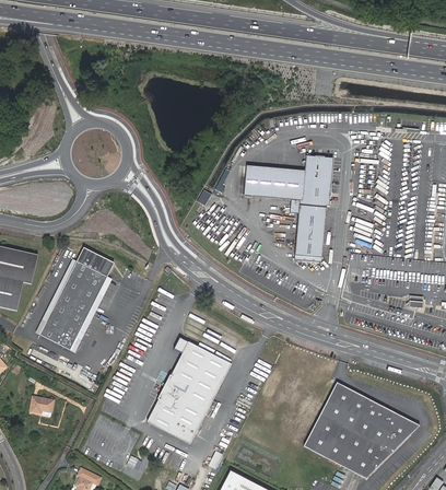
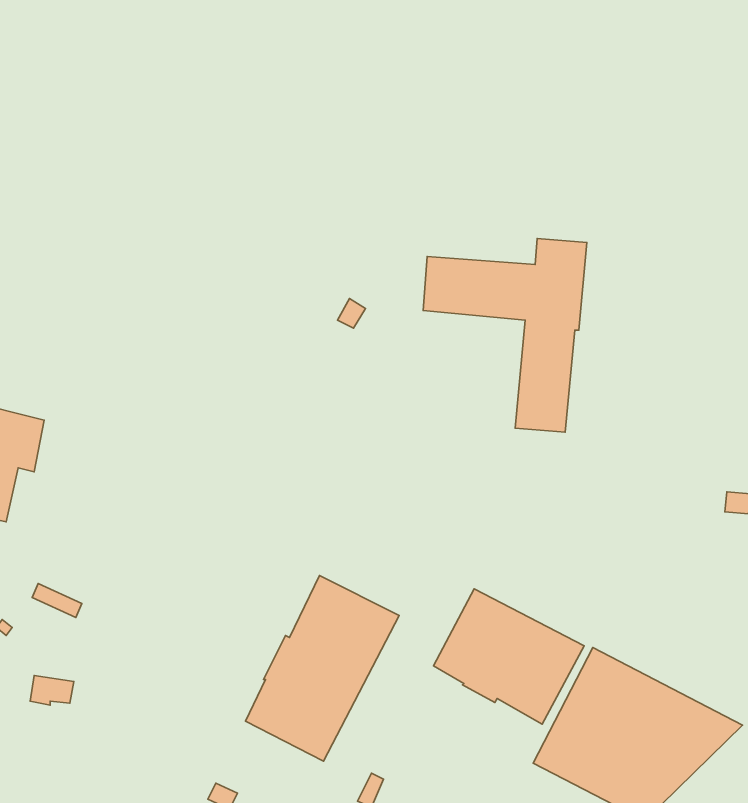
building: [38,250,112,350] -> none
building: none -> [434,589,584,724]

